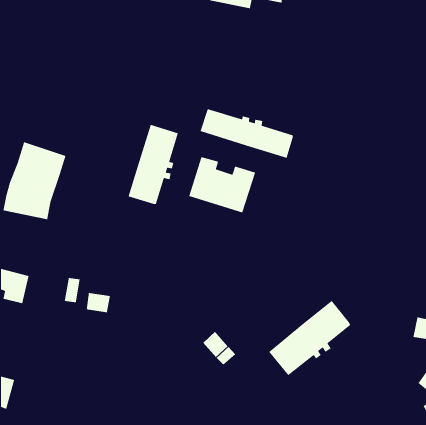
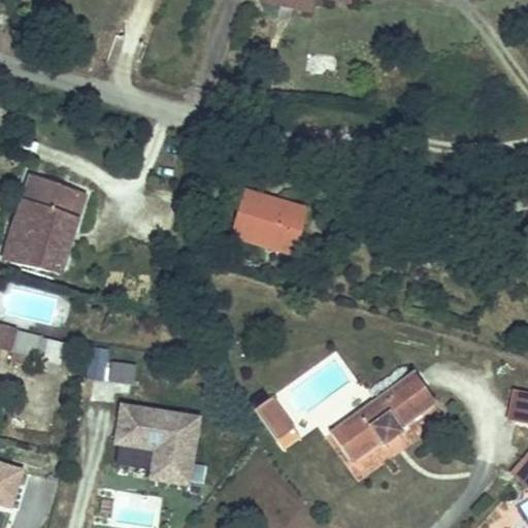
building: [199,108,294,159] -> none
building: [127,124,179,205] -> none
building: none -> [111,402,195,478]

